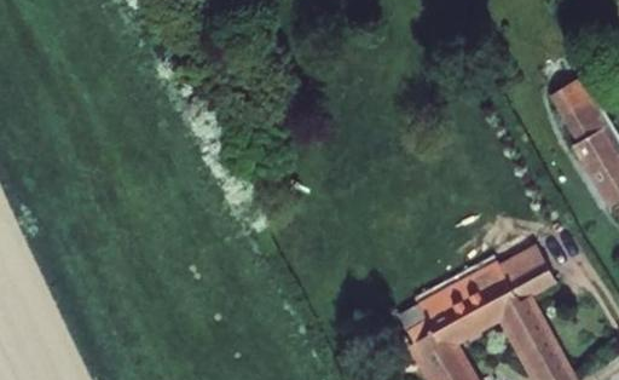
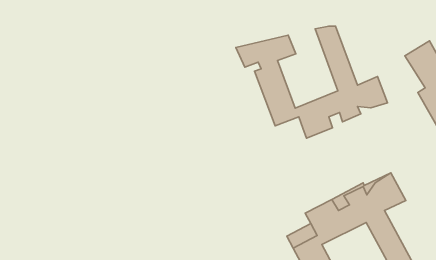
building: none -> [236,26,387,138]

